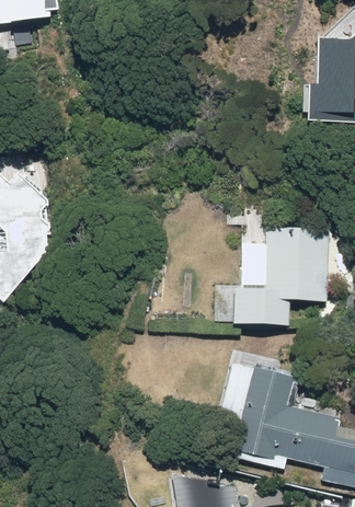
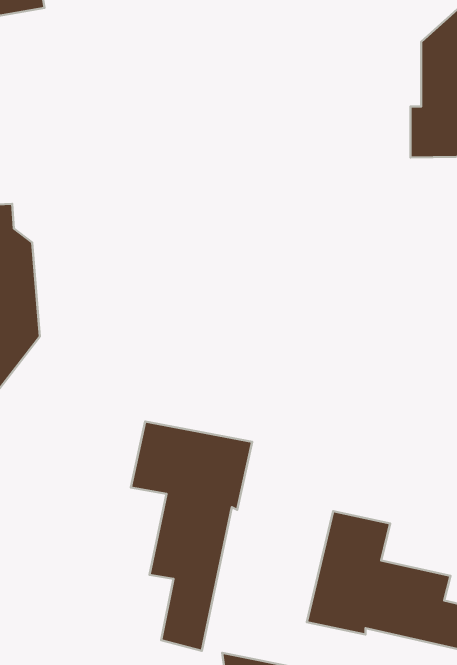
building: [233,227,325,324] -> none
building: none -> [131,421,252,651]

